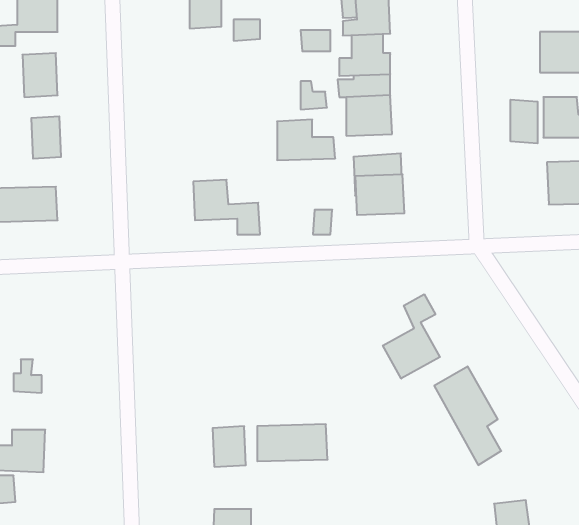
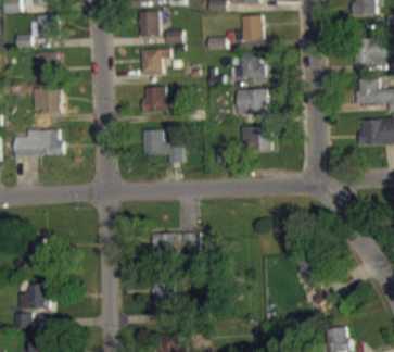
building: none -> [140,49,168,75]
building: [511,100,538,143] -> none
building: [277,120,335,160] -> [142,87,178,112]
building: [383,294,440,379] -> none
building: [257,424,328,461] -> [154,232,198,255]

